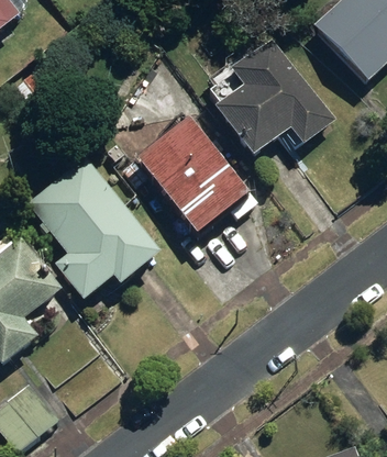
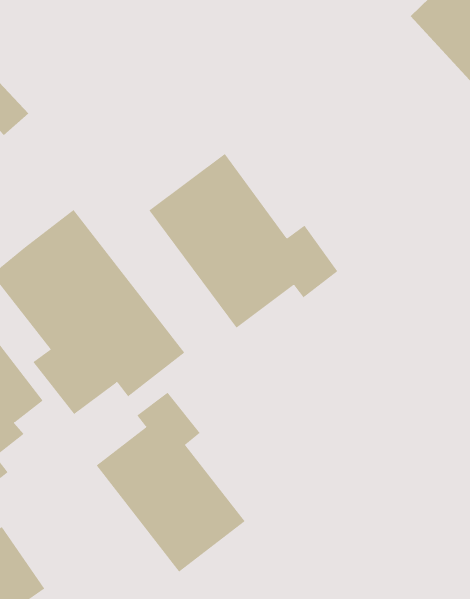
building: [211,22,339,159] -> none
building: none -> [96,392,246,573]

